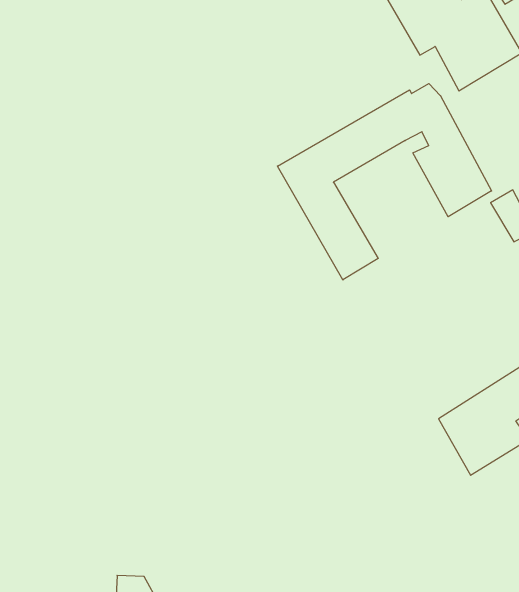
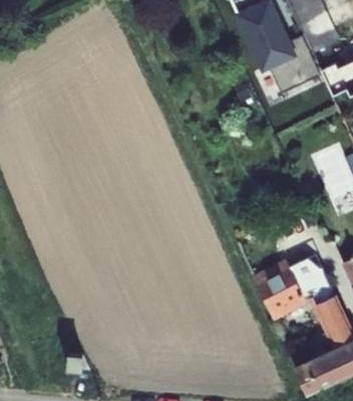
building: [277,84,492,280] -> none

